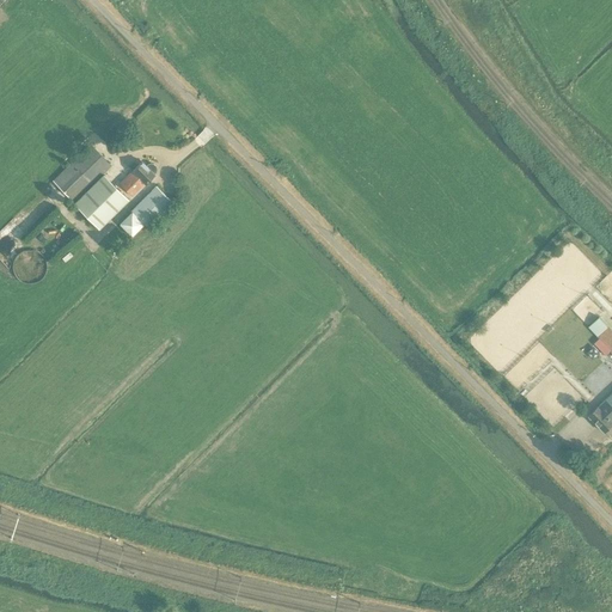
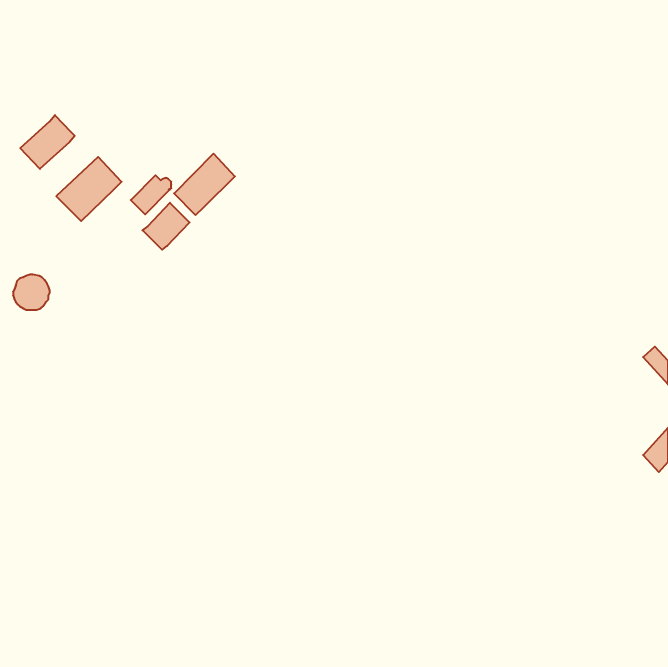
building: none -> [20,115,75,169]
building: none -> [174,154,235,215]
building: [74,175,130,230] -> none

